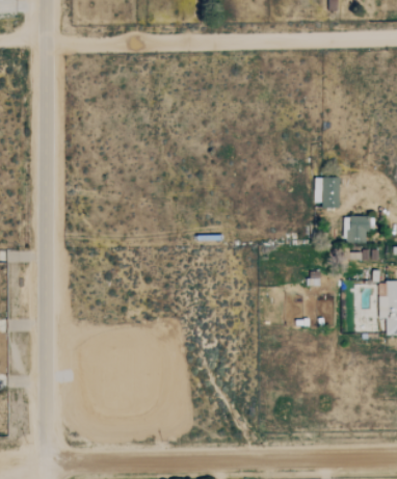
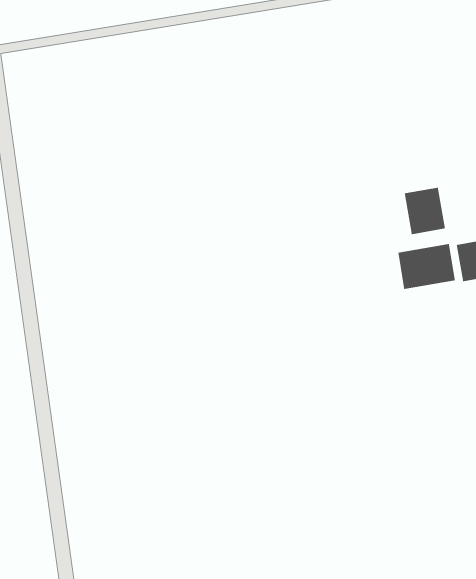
building: none -> [397,243,456,290]

